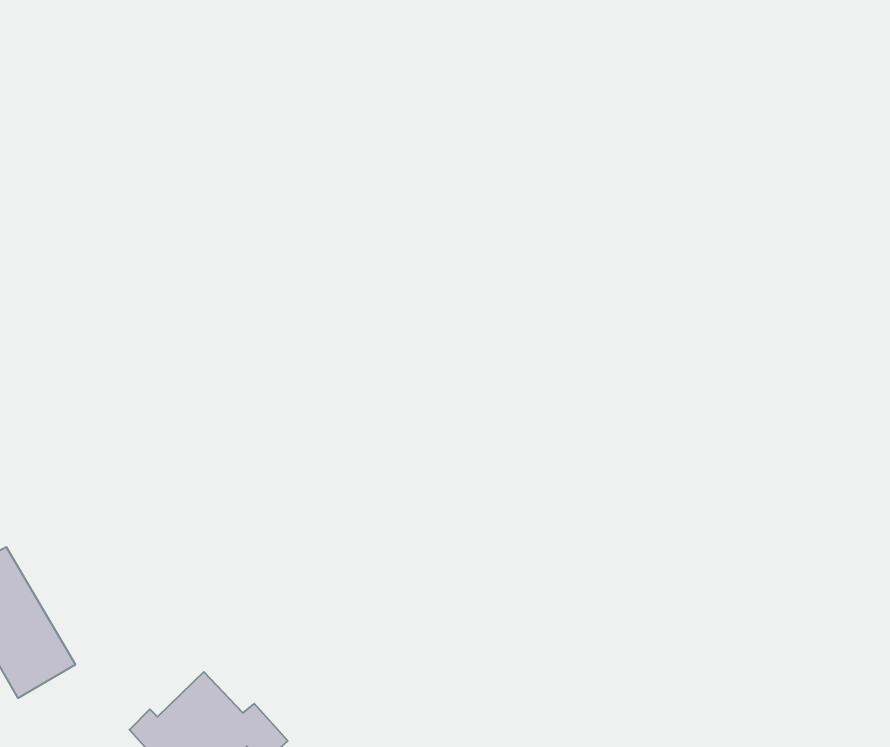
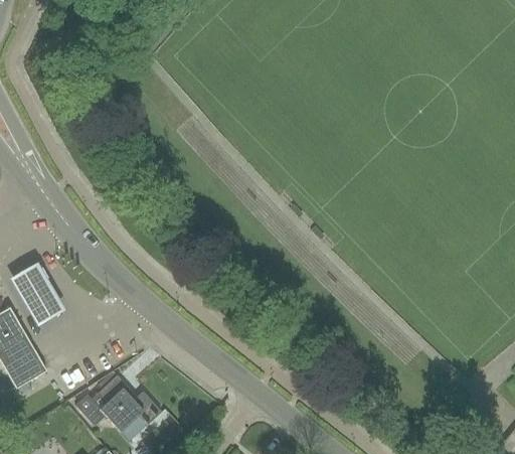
building: none -> [10,258,66,322]

